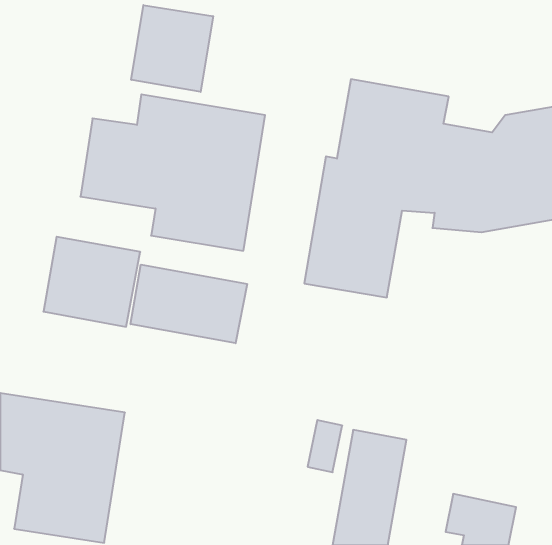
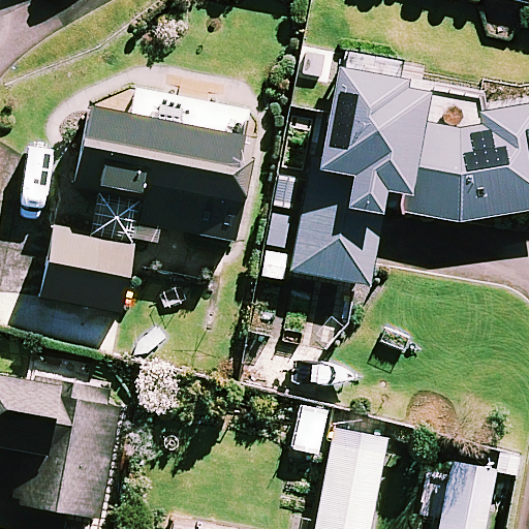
building: [131,5,213,92] -> none
building: [131,265,247,343] -> none

